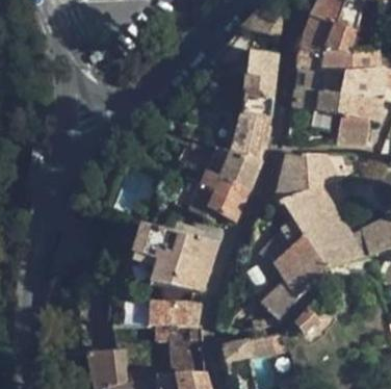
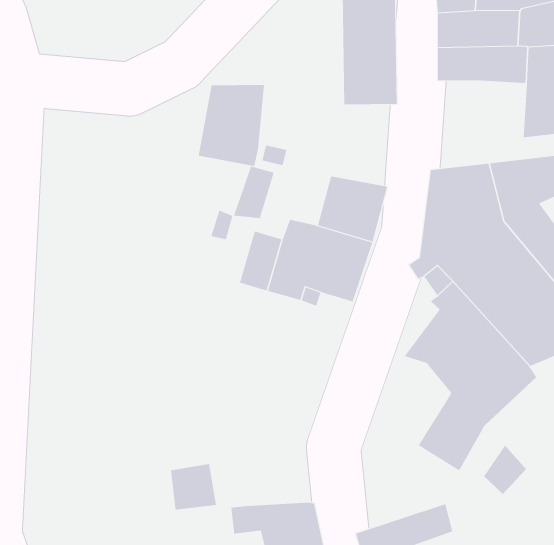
building: [231,113,271,160] -> [198,85,265,167]
building: [124,224,217,291] -> none
building: [164,301,202,326] -> none

